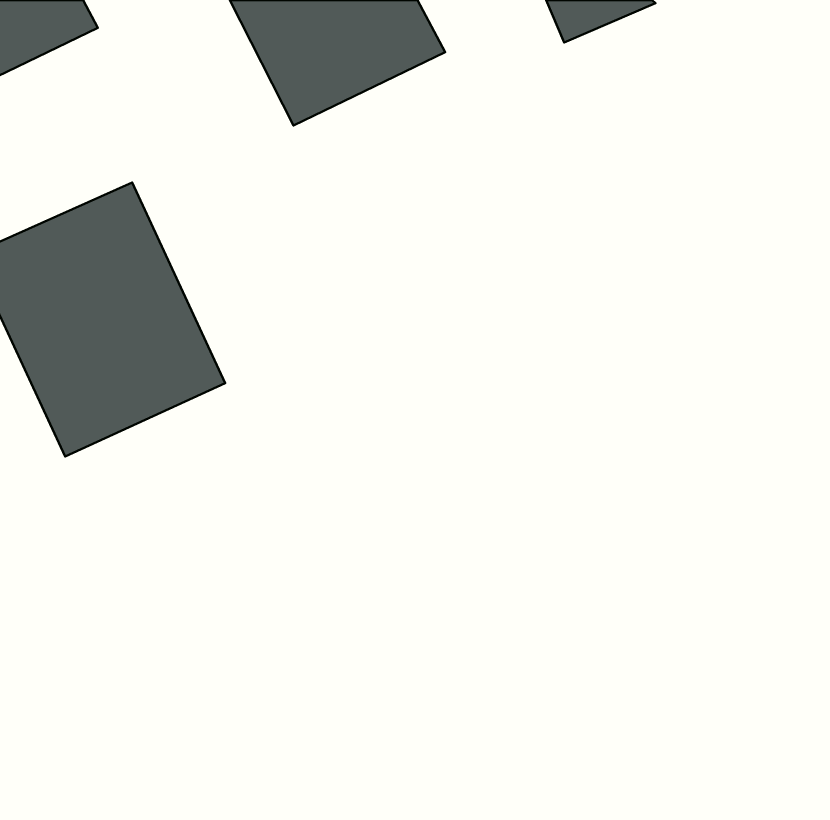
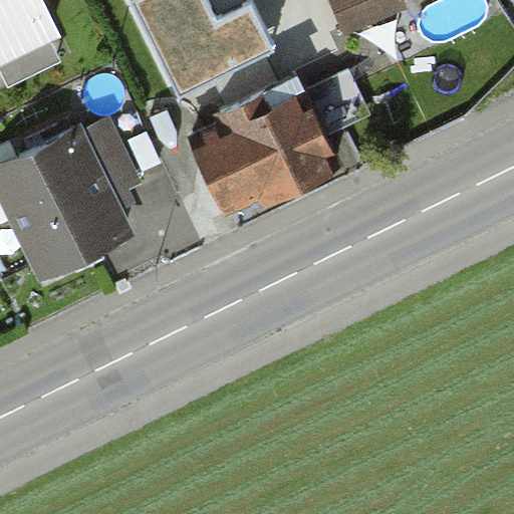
building: none -> [199,86,333,203]

